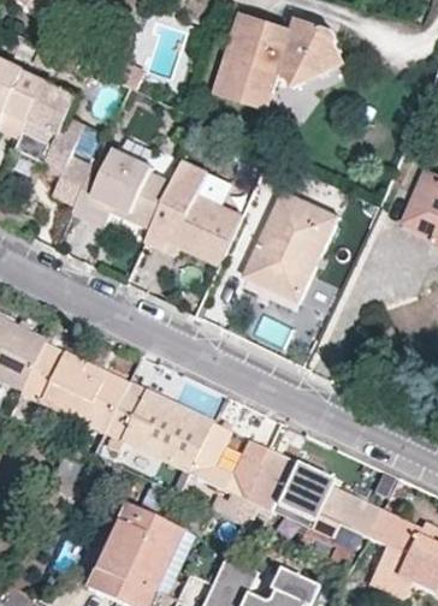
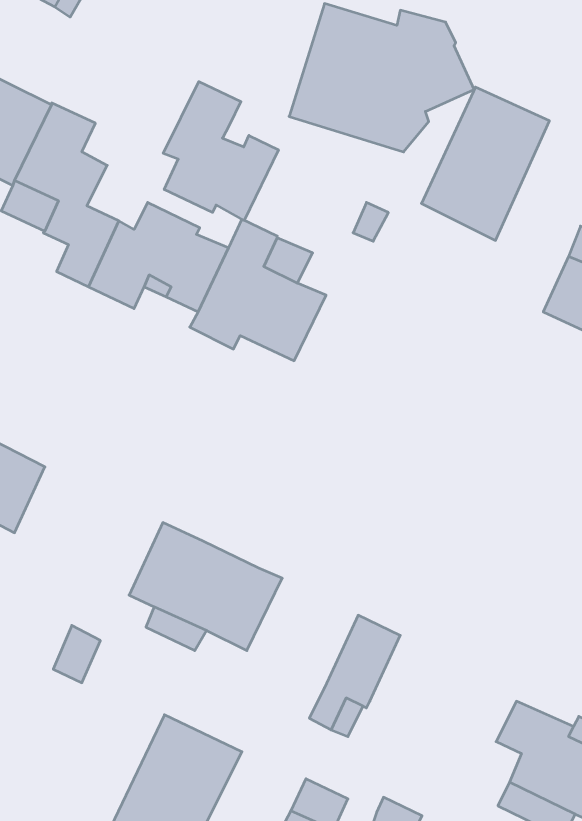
building: none -> [163,82,278,220]
building: [244,189,336,298] -> [421,87,549,240]
building: [17,340,125,432] -> none
building: [185,420,265,498] -> none
building: [273,461,378,536] -> none

